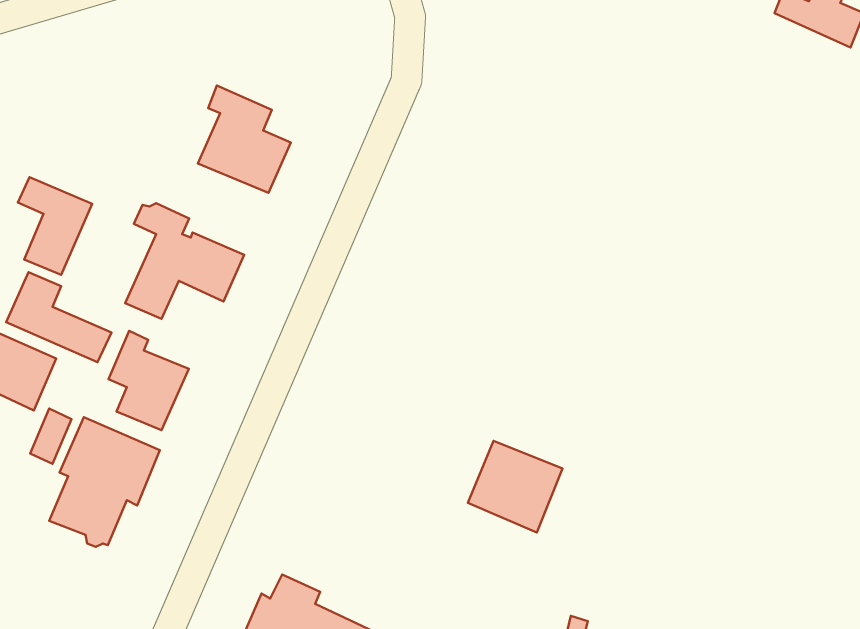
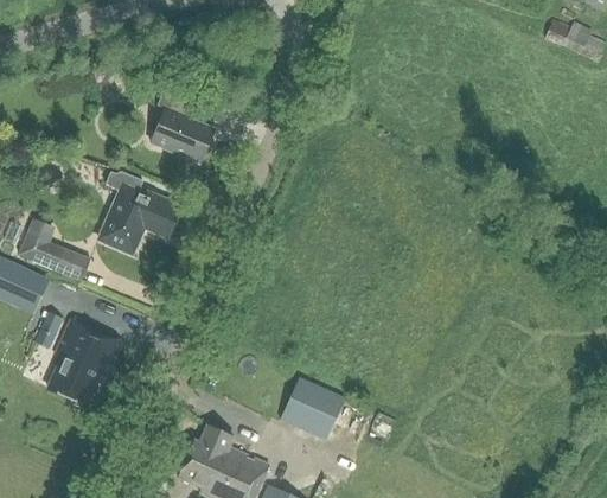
building: [18,177,92,275] -> none
building: [109,331,189,430] -> none
building: [468,441,563,532] -> [280,375,345,438]

